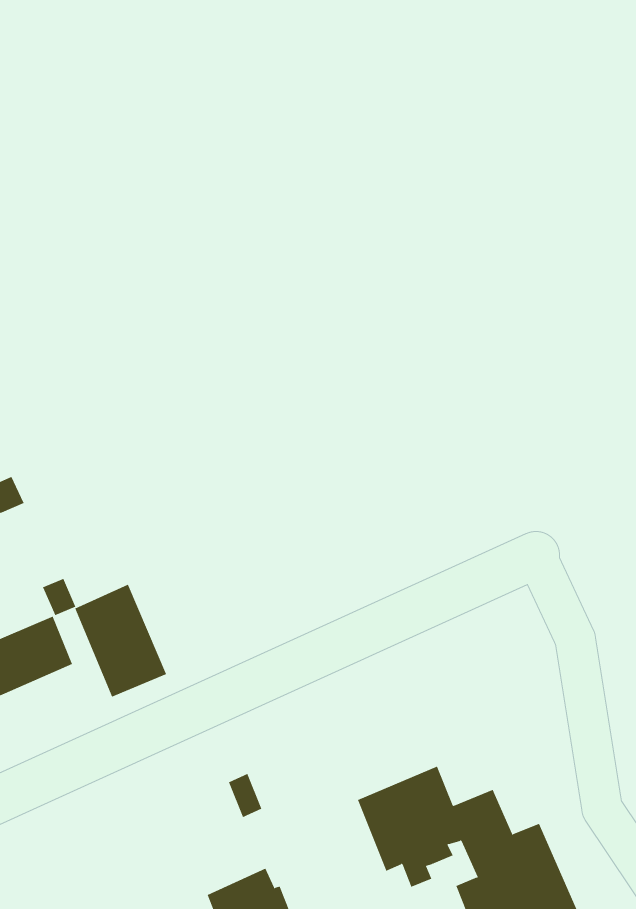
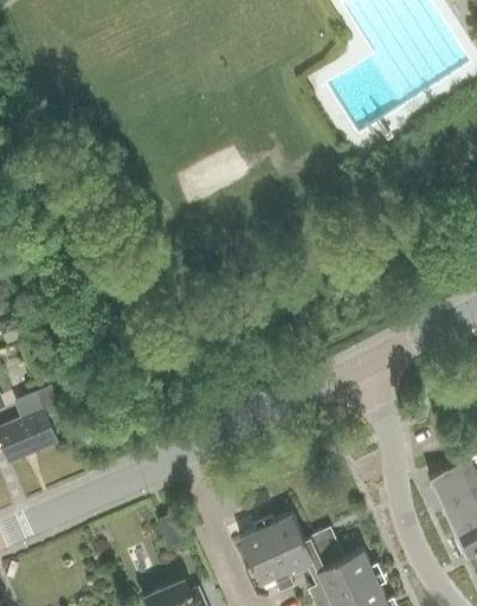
building: [75,584,167,697] -> none

